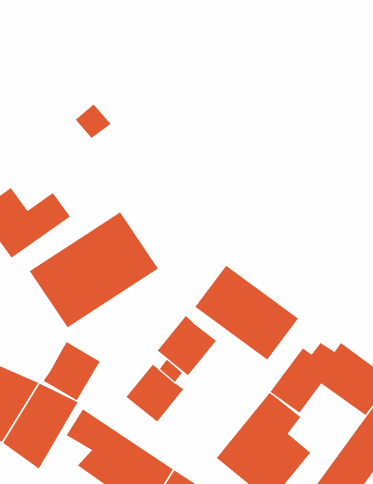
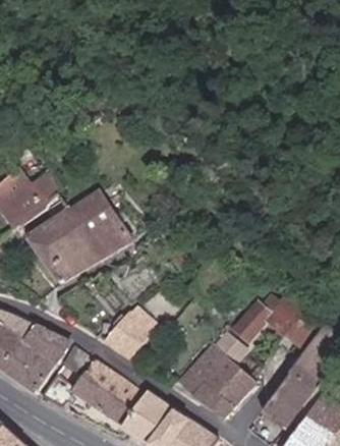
building: [194,265,299,361] -> none
building: [157,315,217,376] -> none
building: [43,341,101,401] -> none

